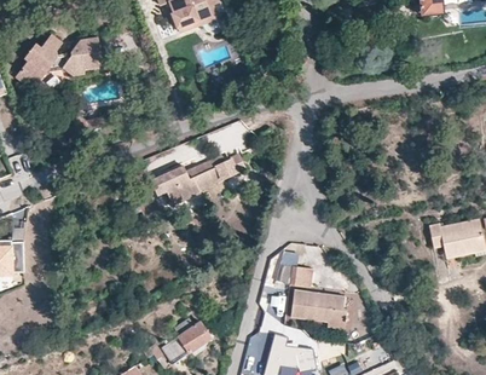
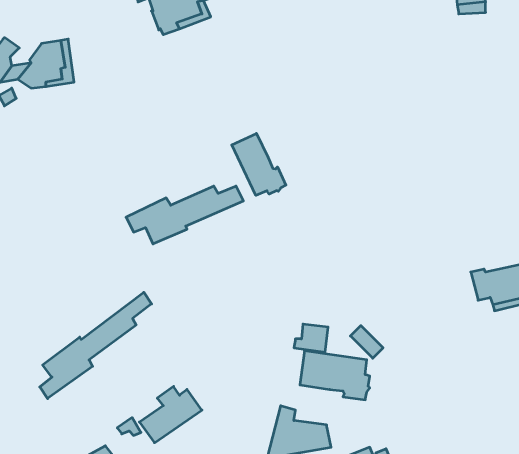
building: none -> [232,133,286,195]
building: none -> [40,292,152,399]

